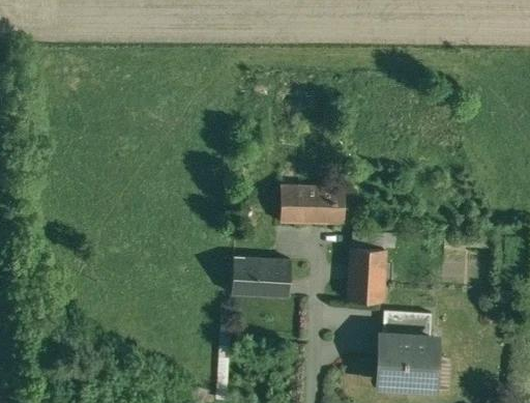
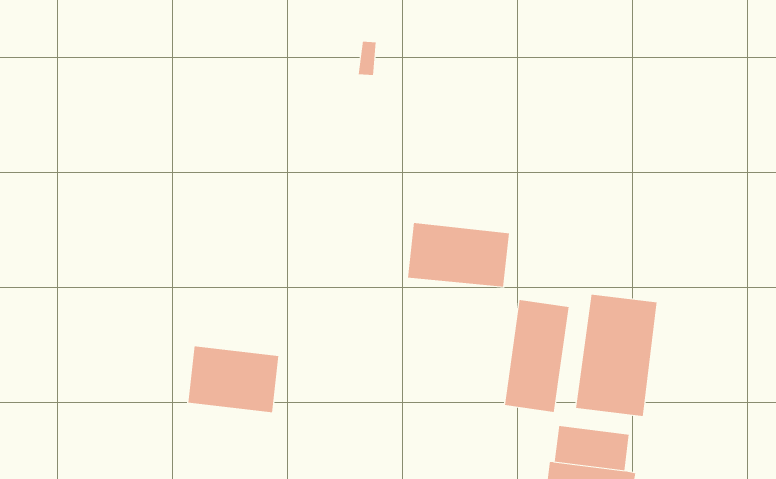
building: none -> [575,294,657,417]
building: [233,258,290,297] -> [188,346,279,413]

